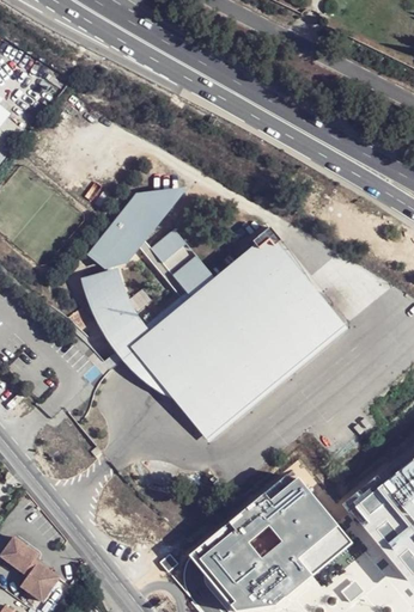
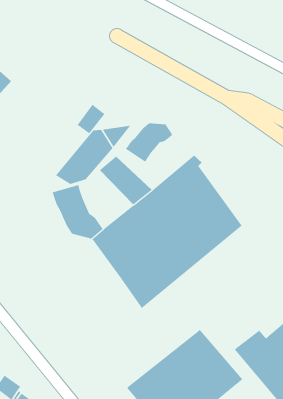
building: none -> [77,104,105,134]
building: none -> [125,122,173,163]
building: [108,338,177,402] -> none

